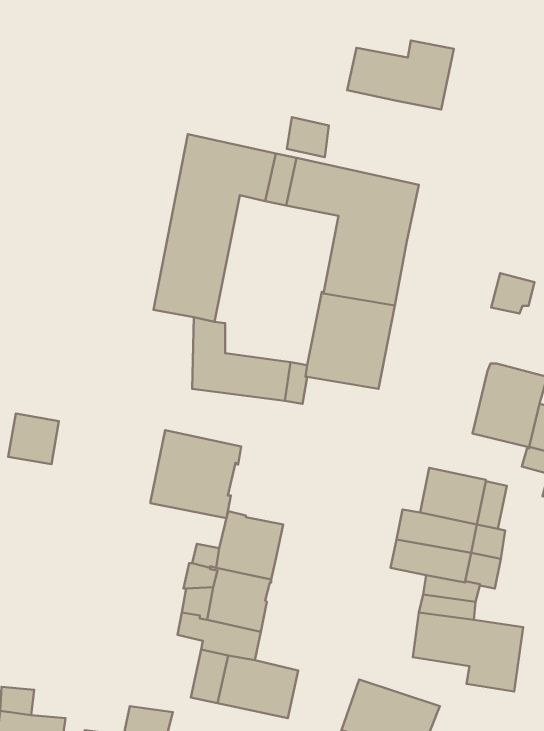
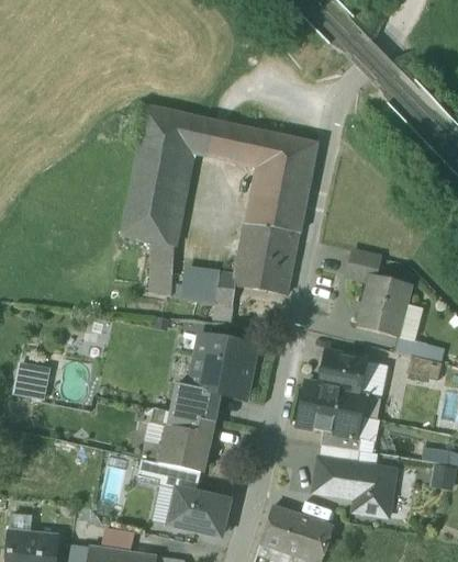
building: [347,40,454,110] -> none
building: [287,117,329,157] -> none
building: [491,273,534,313] -> [347,250,379,280]
building: [8,414,59,464] -> [13,361,51,398]
building: [150,430,241,518] -> [190,334,257,398]

